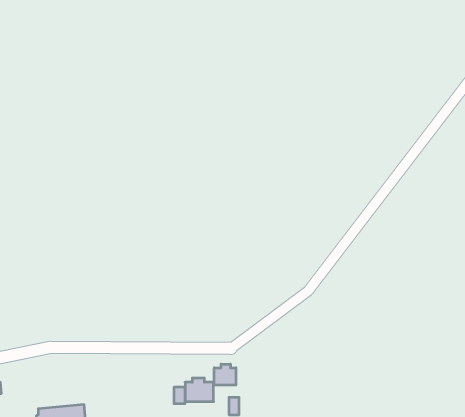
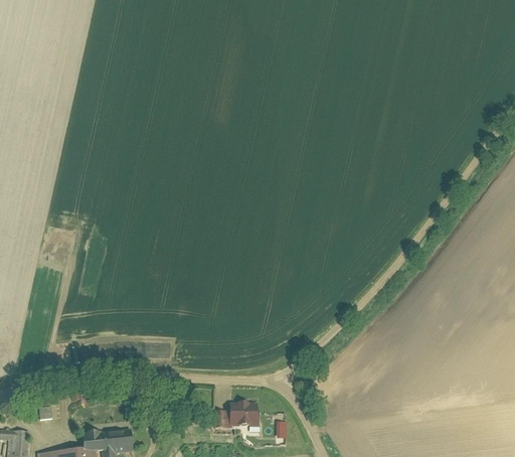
building: [214,364,236,385] -> none

